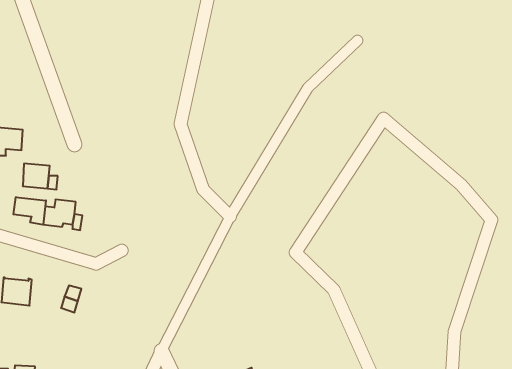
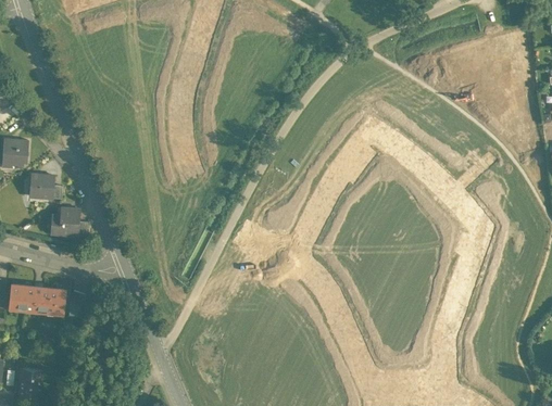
building: [13,197,46,225] -> none
building: none -> [36,287,65,314]

